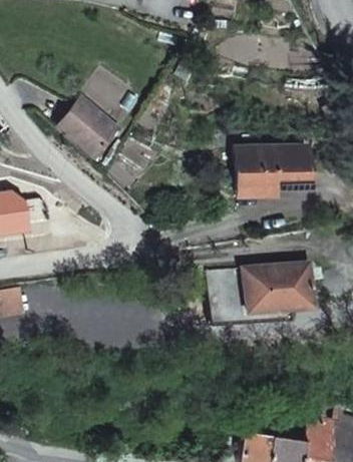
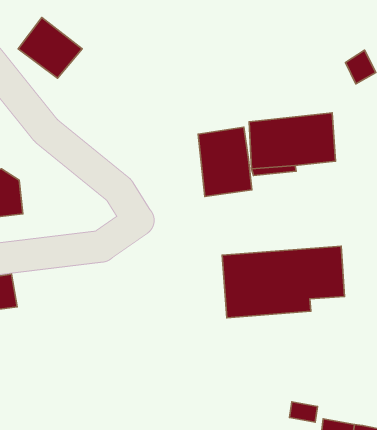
building: [66,103,123,157] -> [18,18,82,78]
building: none -> [198,127,252,196]

